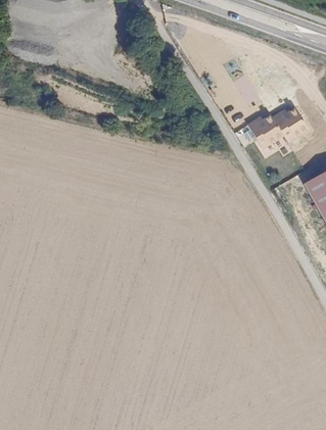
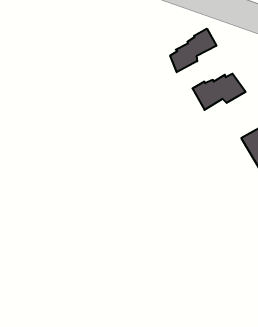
building: none -> [170,29,216,72]

